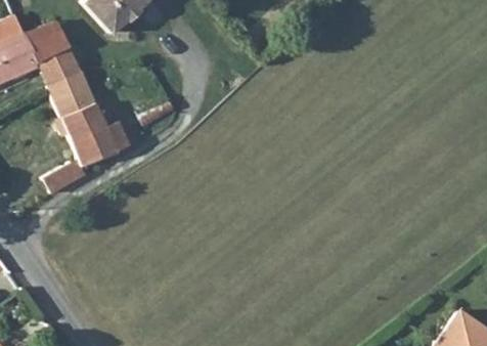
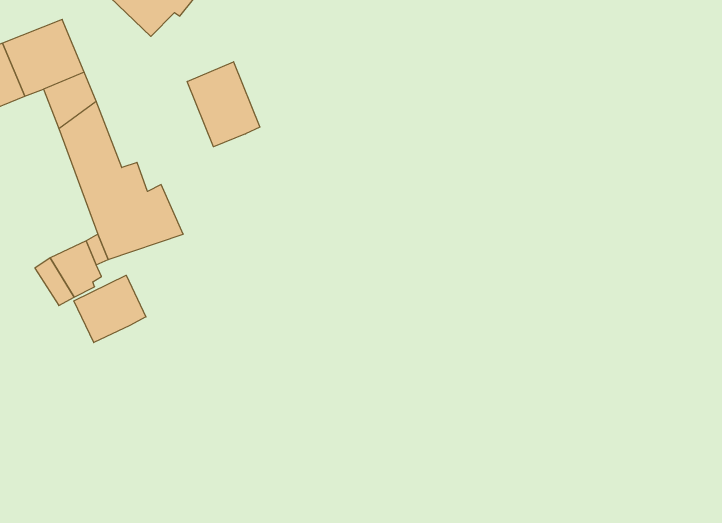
building: none -> [187,62,260,147]
building: none -> [74,275,146,343]

